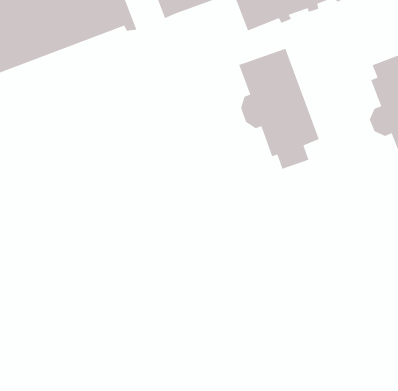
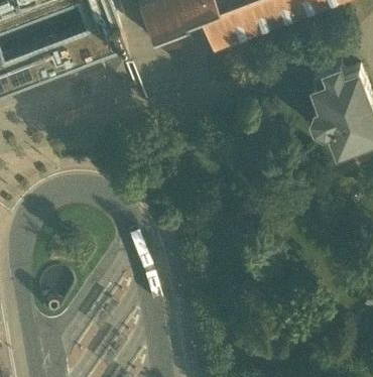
building: [238,47,320,170] -> none

